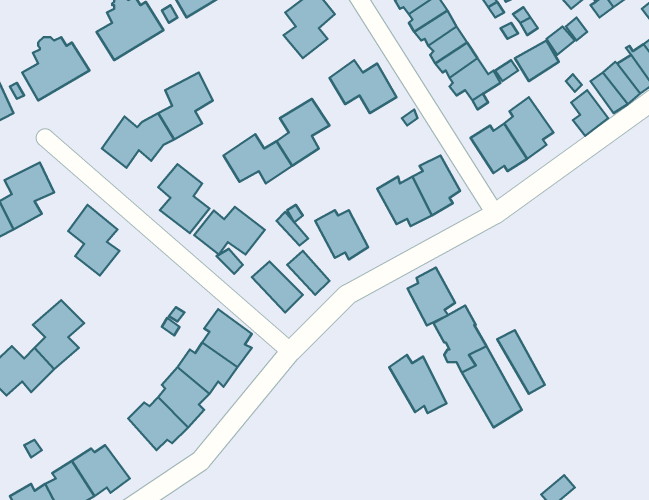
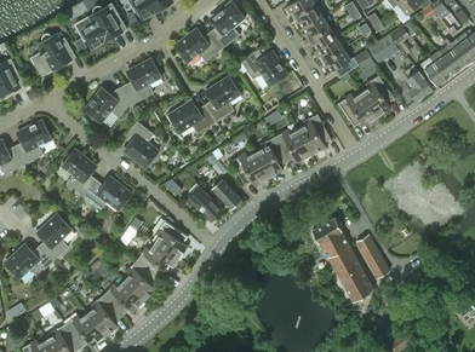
building: none -> [174,28,223,62]
building: [194,207,265,255] -> [84,177,132,209]
building: [408,267,455,326] -> [254,137,287,177]
building: [389,355,446,413] -> none
building: none -> [87,294,122,335]

